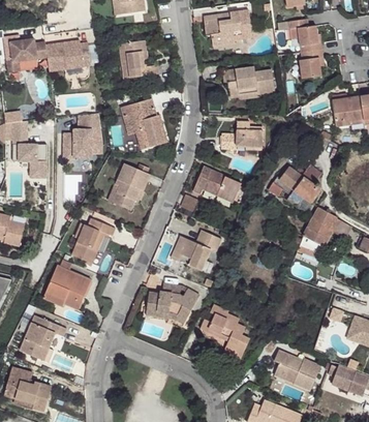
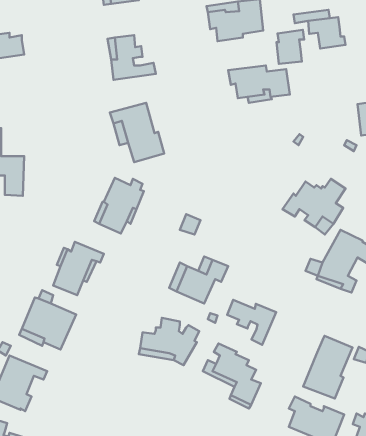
building: [45,40,91,72] -> none
building: [300,50,324,79] -> [276,30,304,64]
building: [64,114,102,160] -> none
building: [221,122,264,150] -> none
building: [193,168,242,203] -> none
building: none -> [227,300,276,345]
building: none -> [303,336,352,399]

